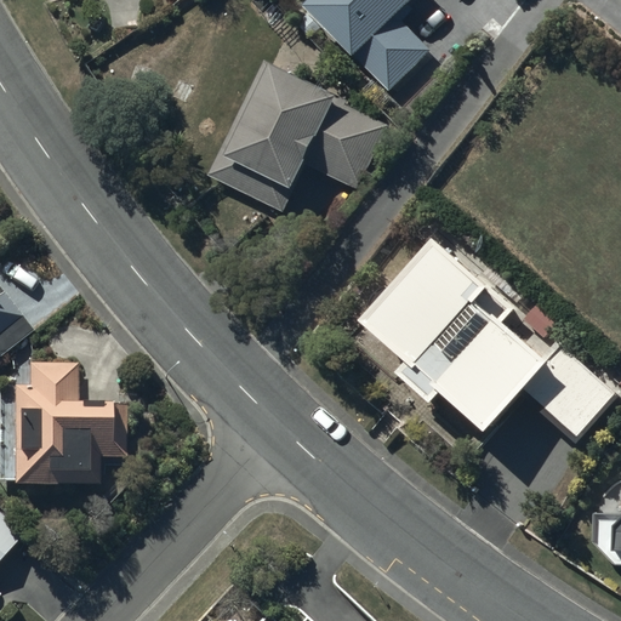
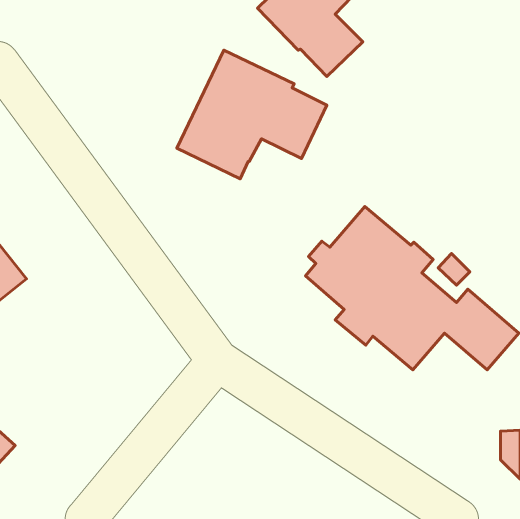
building: [7,358,121,482] -> none

